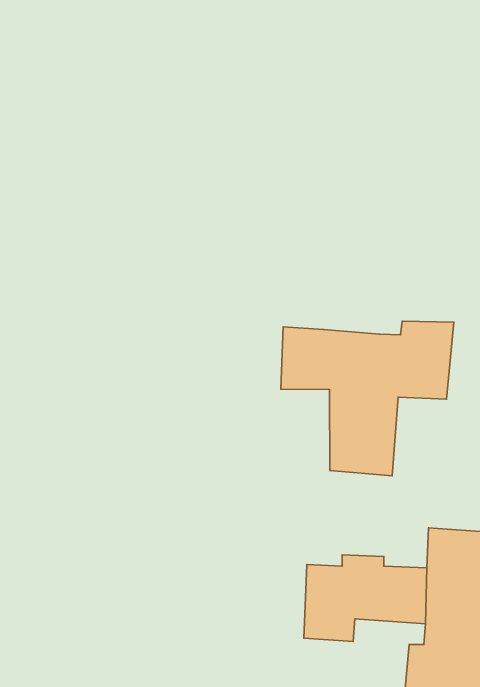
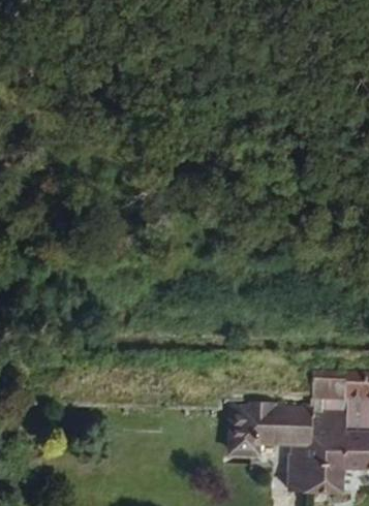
building: [281,321,454,476] -> none

